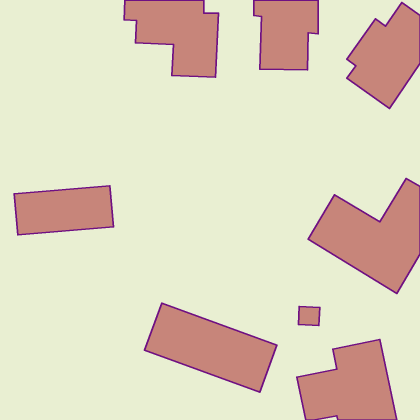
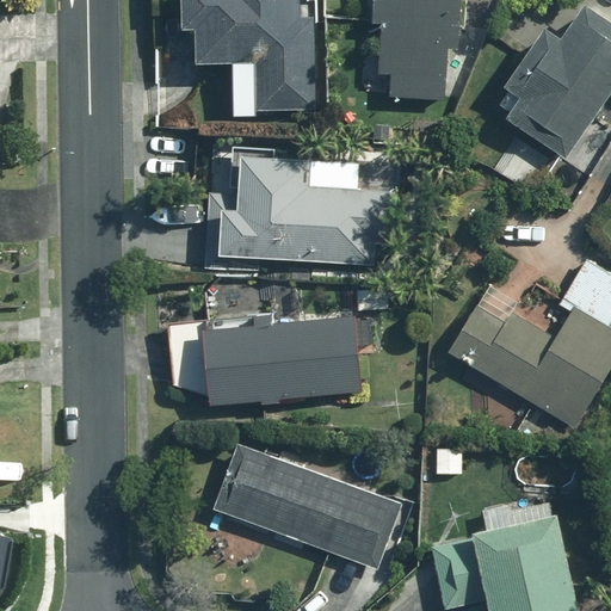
building: none -> [205,143,393,272]
building: [14,186,113,235] -> none
building: none -> [167,313,362,408]

